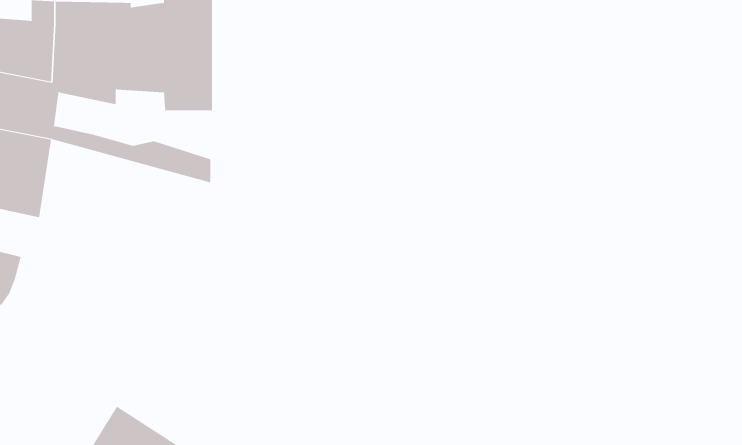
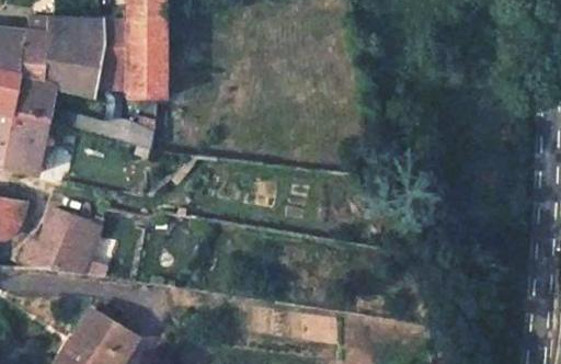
building: none -> [21,215,100,275]

